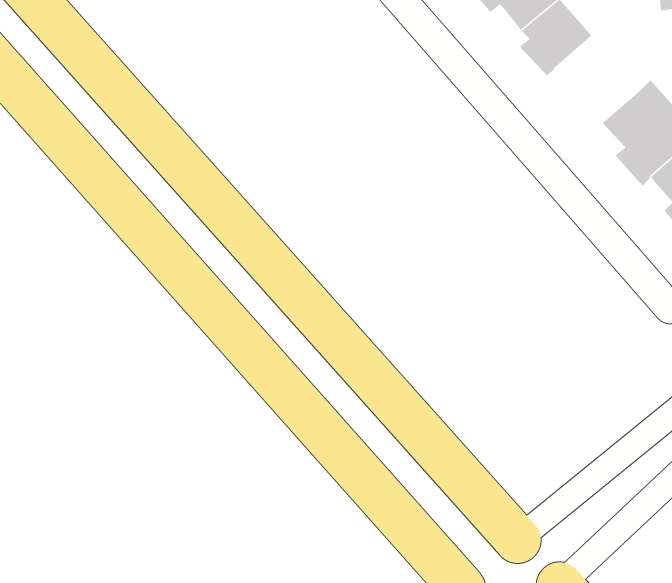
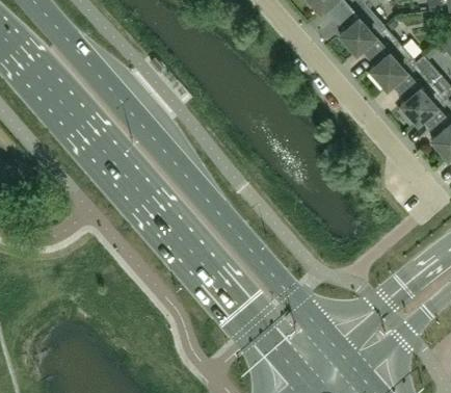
building: none -> [361,28,415,89]

